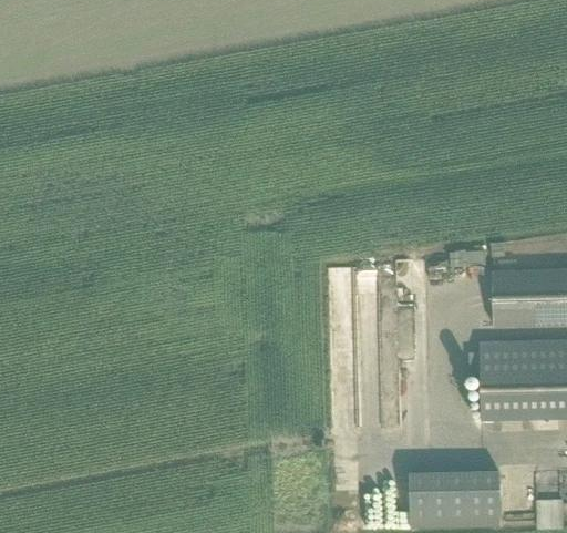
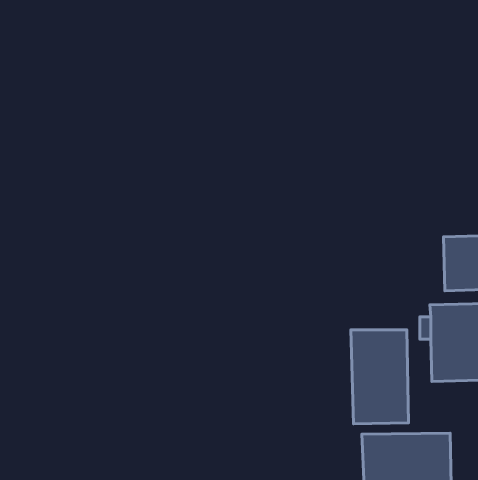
building: none -> [351,330,409,424]

